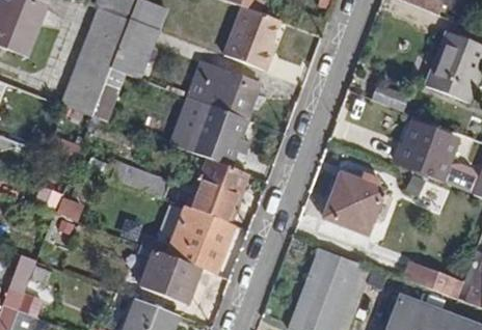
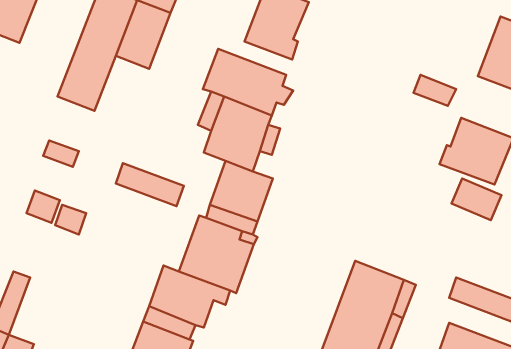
building: [323,173,384,233] -> none

